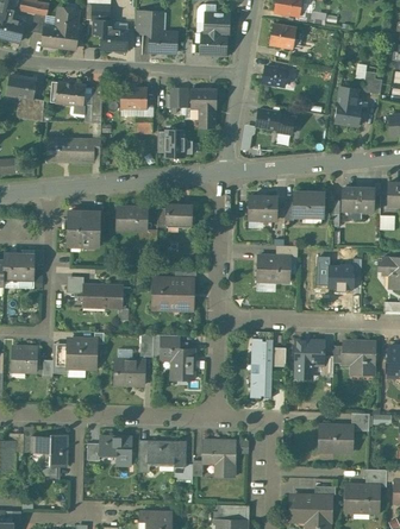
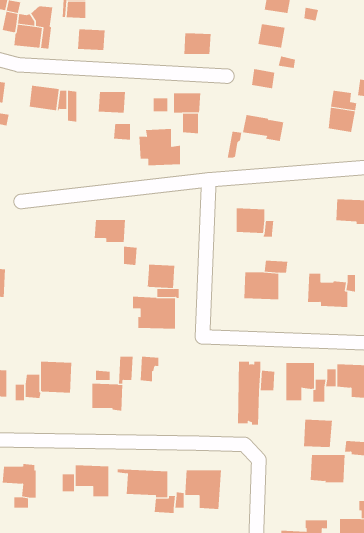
building: [143,11,175,52] -> none
building: [204,12,229,34] -> none
building: [48,139,93,162] -> none
building: [293,193,323,216] -> none
building: [165,203,192,226] -> [147,264,175,288]
building: [65,212,100,246] -> none
building: [82,285,121,308] -> none
building: [171,348,193,379] -> none
building: none -> [303,419,333,448]

